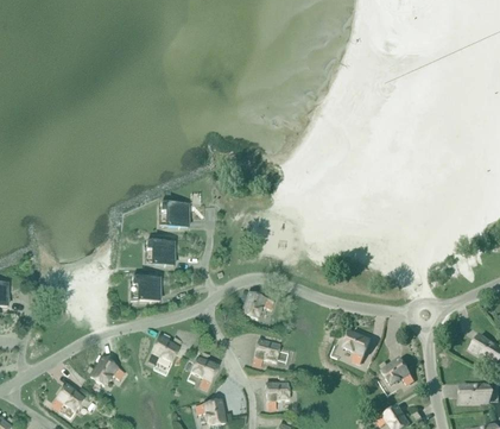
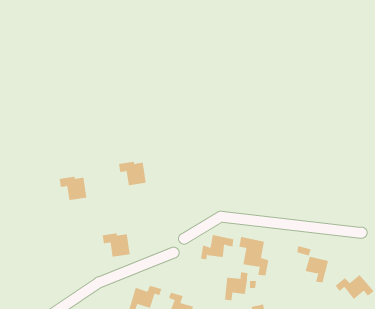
building: [146,240,173,265] -> [59,176,87,201]
building: none -> [239,236,269,276]

